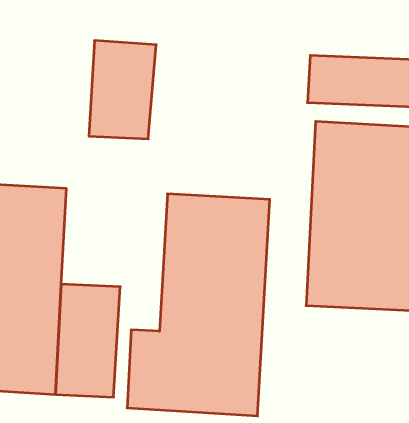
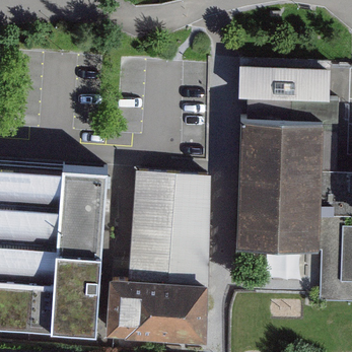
building: [89,41,156,139] -> [55,169,105,243]

